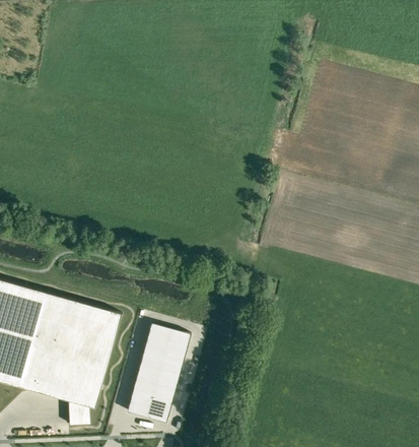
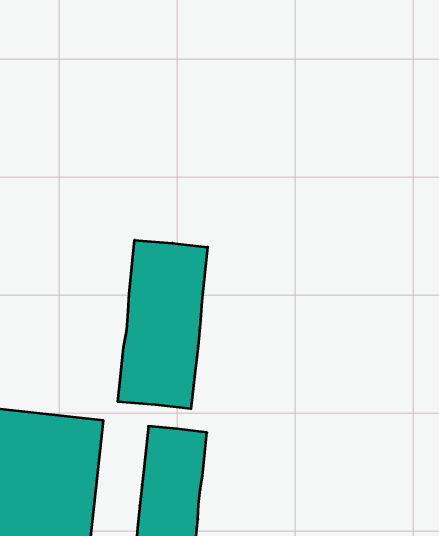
building: none -> [118,240,208,409]

